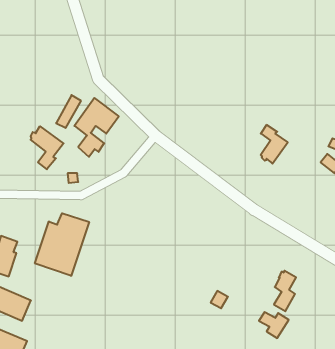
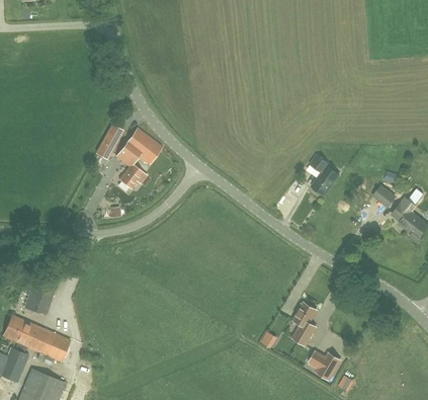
building: [31,126,64,169] -> none
building: [35,213,89,276] -> none
building: [274,271,296,311] -> [292,303,316,345]

